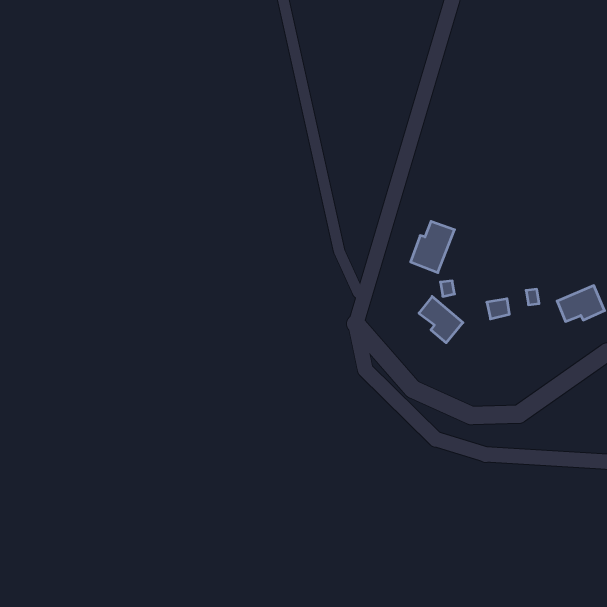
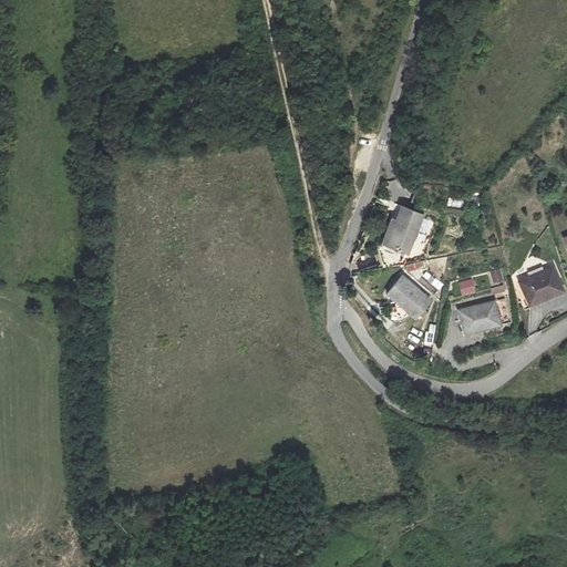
building: none -> [458,301,499,334]

